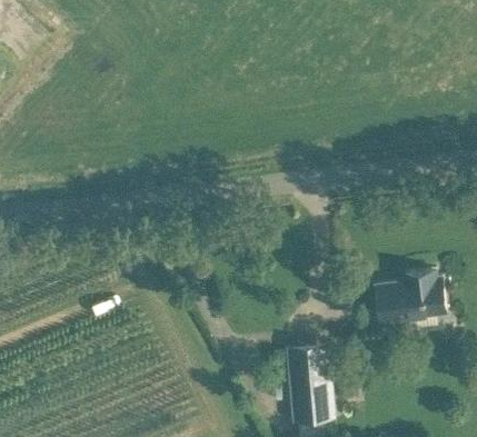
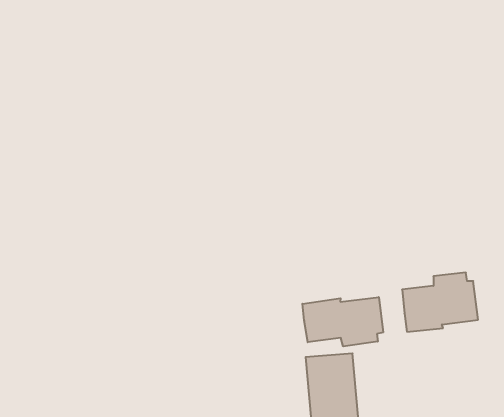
building: none -> [302,297,383,346]

